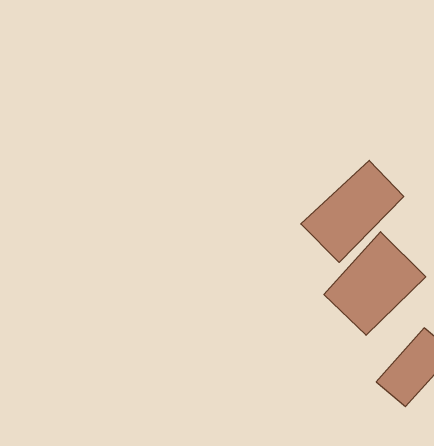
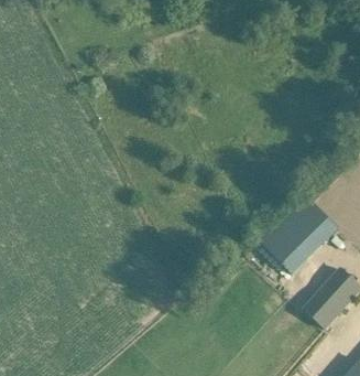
building: [301,160,404,262] -> none

